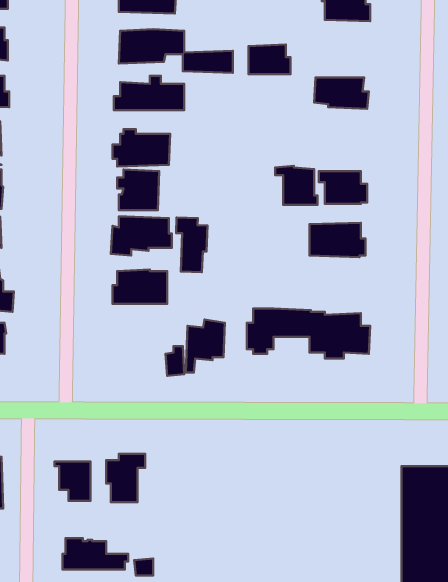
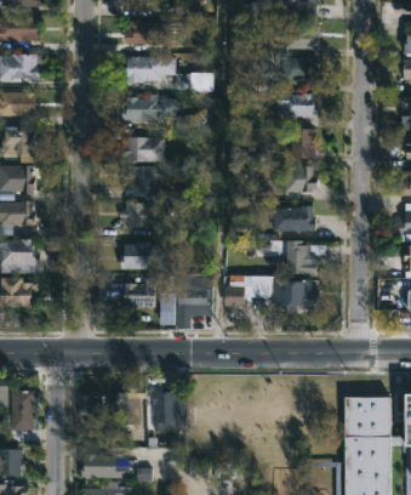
building: [248,45,291,74] -> [286,58,319,81]
building: [275,166,317,205] -> [285,129,318,159]
building: [176,217,207,272] -> none
building: none -> [285,246,326,277]
building: none -> [121,279,158,308]
building: none -> [149,392,184,431]

